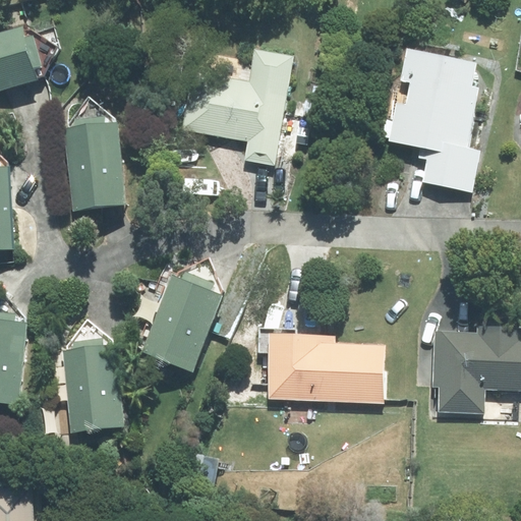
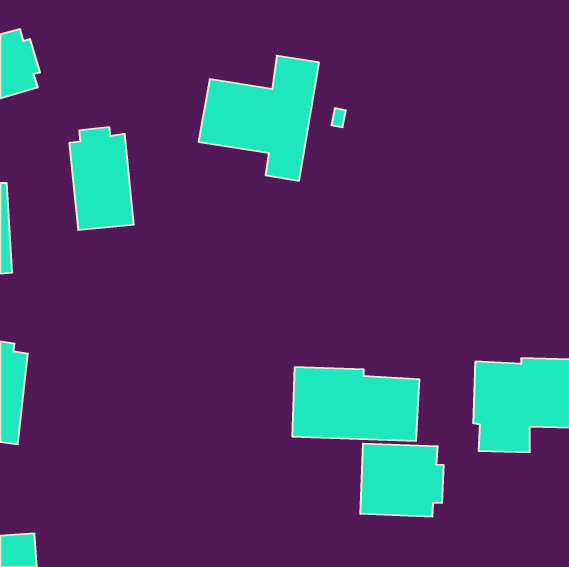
building: [383,50,480,190] -> none
building: [141,272,219,370] -> none
building: [62,338,120,431] -> none
building: none -> [360,443,444,517]

